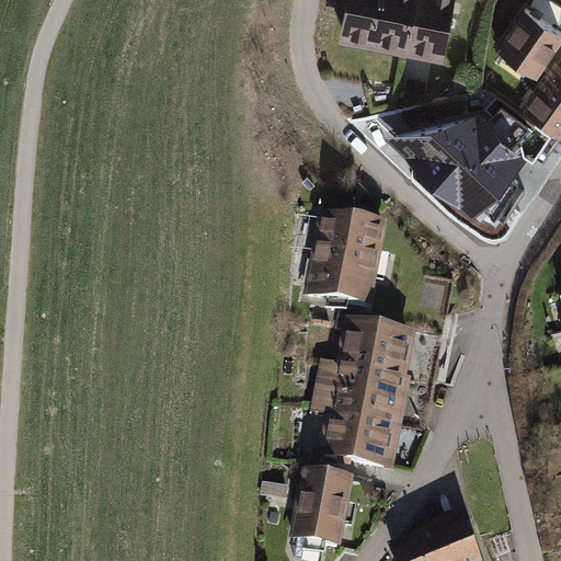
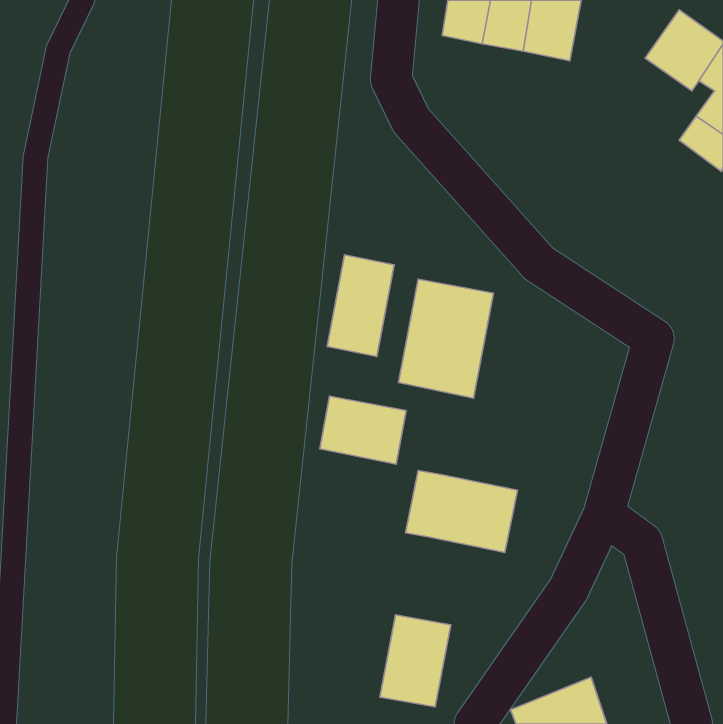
building: [381,107,526,216] -> none
building: none -> [327,255,394,357]
building: [341,327,408,379] -> [320,396,406,464]
building: [323,415,390,467] -> none

